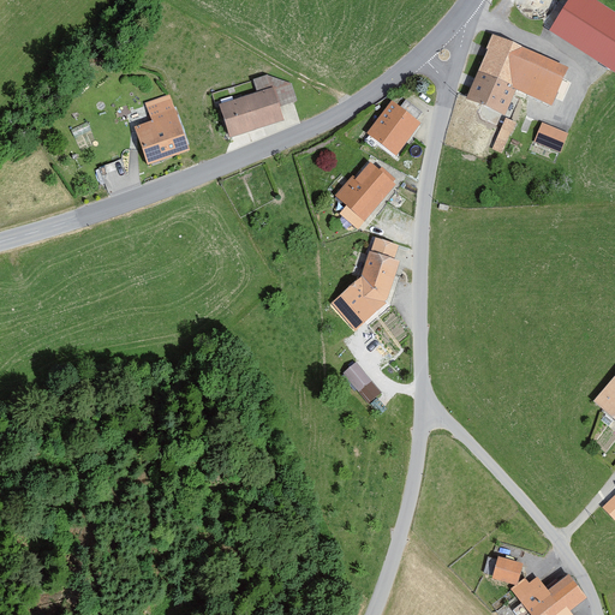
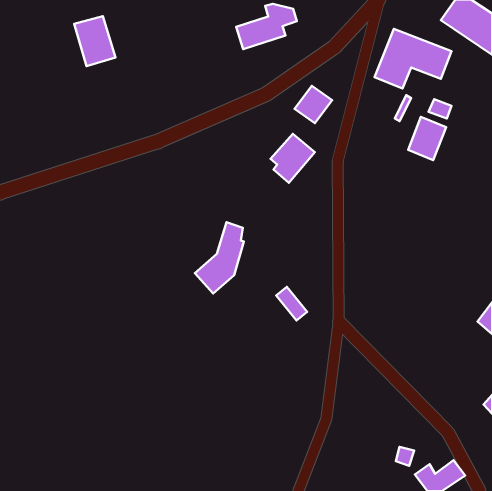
building: [217,76,293,132] -> [236,4,297,49]
building: [133,98,185,161] -> [74,16,115,66]
building: none -> [408,117,446,160]
building: [334,240,395,329] -> [195,222,244,293]

